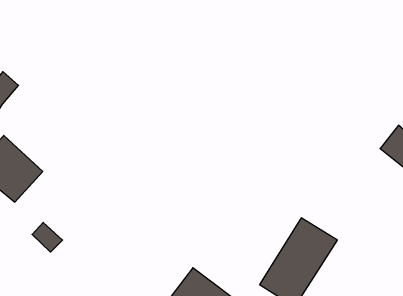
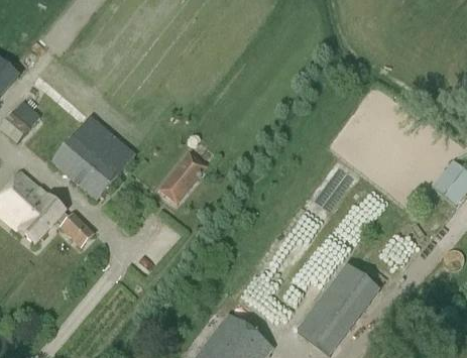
building: none -> [50,117,134,200]
building: none -> [158,152,207,204]
building: [32,222,63,252] -> [61,214,94,246]

